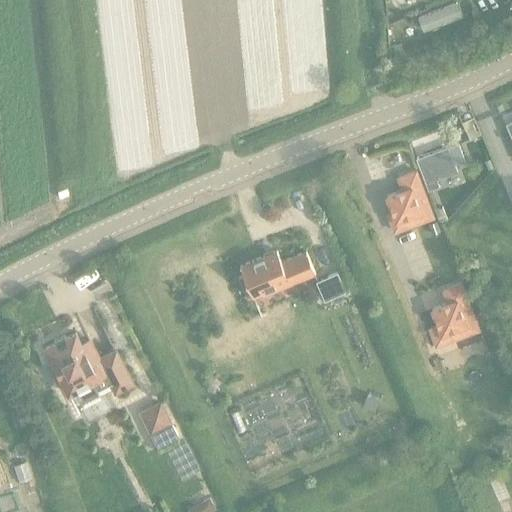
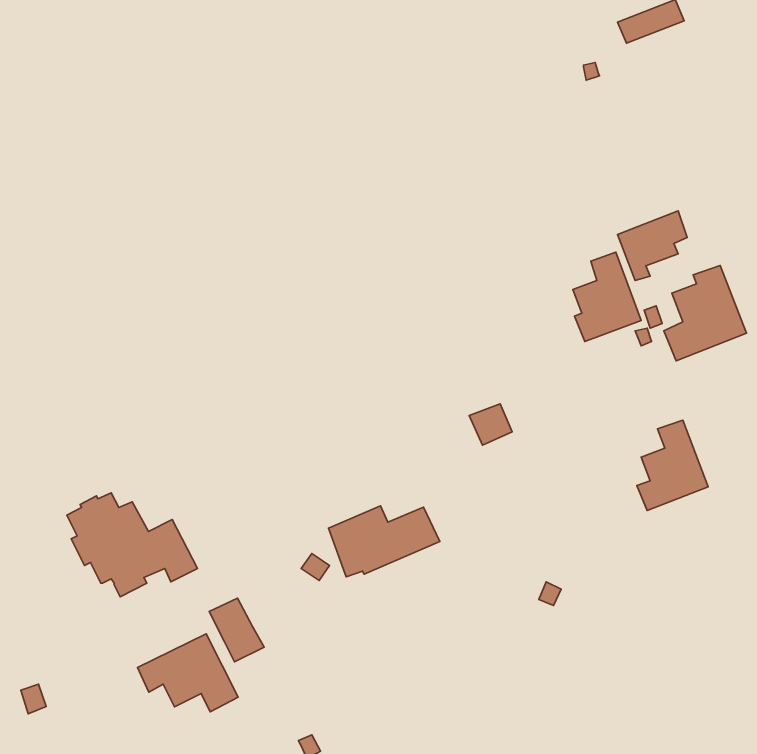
building: none -> [664,266,747,361]
building: [241,252,316,300] -> [328,506,440,577]
building: none -> [138,634,238,712]

